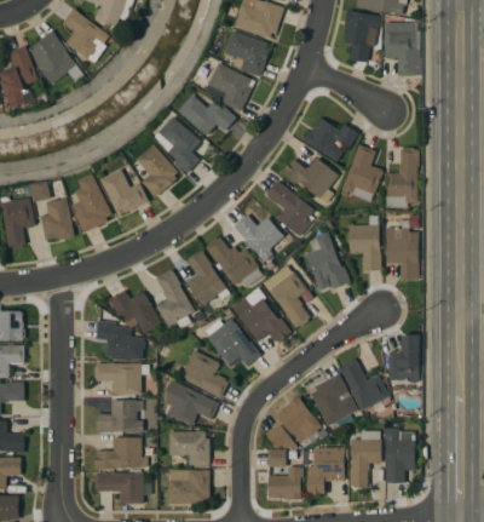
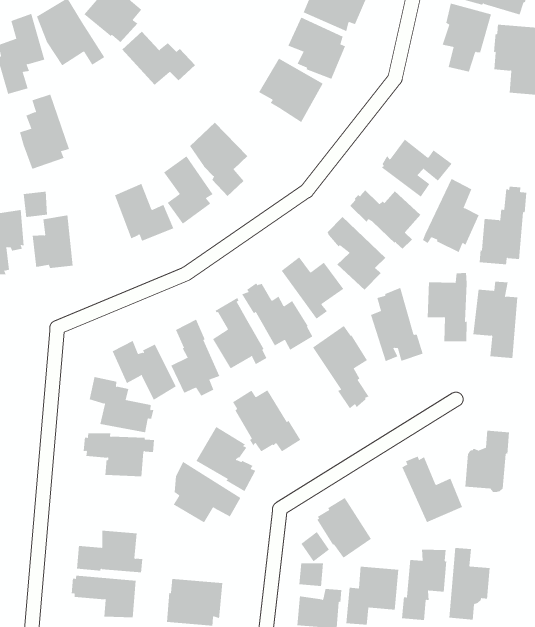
building: [178,94,236,136] -> [121,31,196,85]
building: [71,173,111,233] -> [19,94,70,170]
building: [237,287,290,352] -> none
building: [310,373,357,426] -> none
building: [96,400,142,432] -> none
building: [168,431,209,465] -> none

